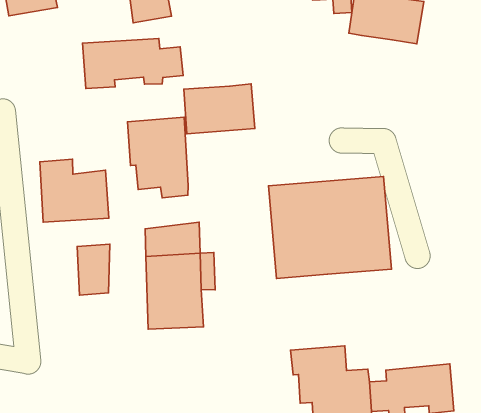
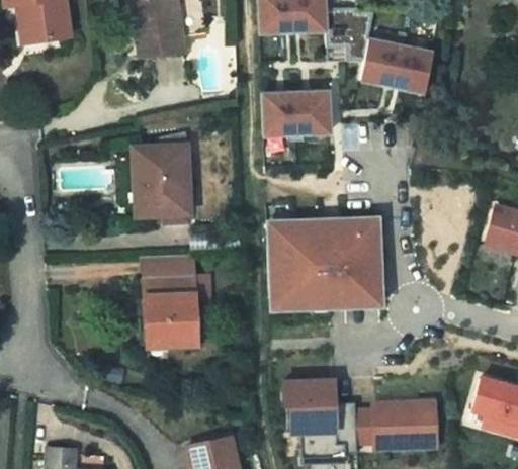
building: [83,38,183,88] -> none
building: [184,84,255,134] -> [266,89,331,132]
building: [40,159,109,222] -> none
building: [77,244,110,295] -> none

